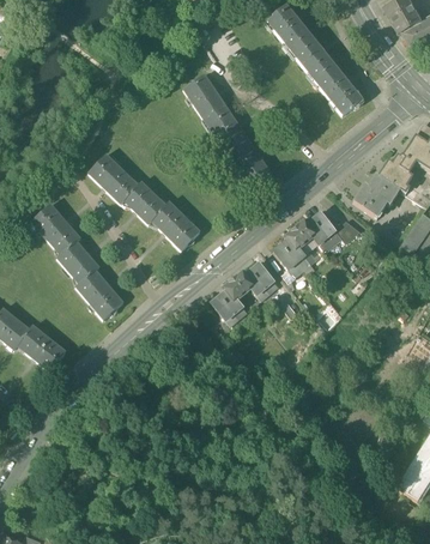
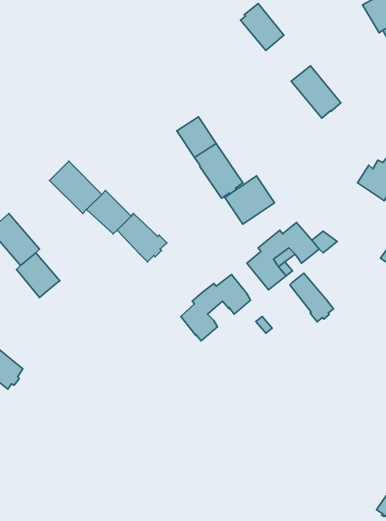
building: [292,36,334,79] -> none
building: [182,75,229,126] -> none
building: none -> [225,176,275,224]
building: [353,174,400,216] -> none
building: none -> [290,273,334,322]
building: [75,270,122,319] -> none

